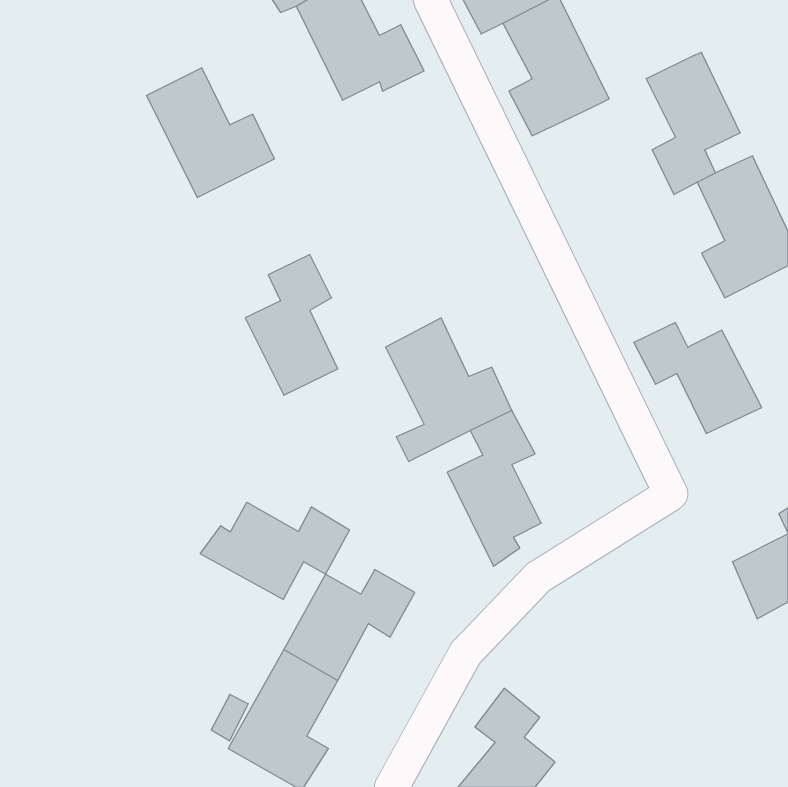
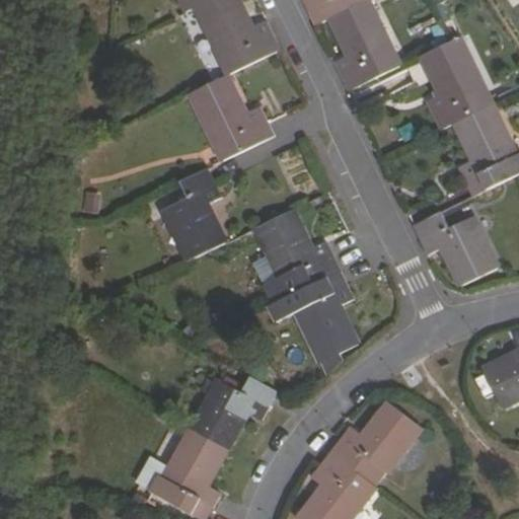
building: [146,68,274,198] -> [187,74,271,159]
building: [200,502,349,600] -> none
building: none -> [331,404,422,473]

